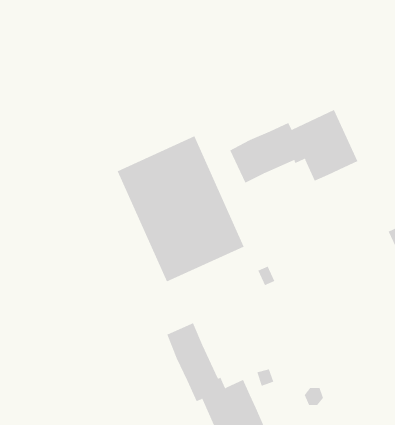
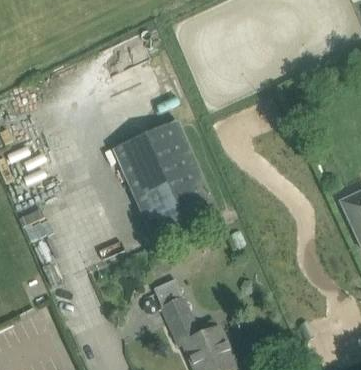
building: [230,109,358,183] -> none

